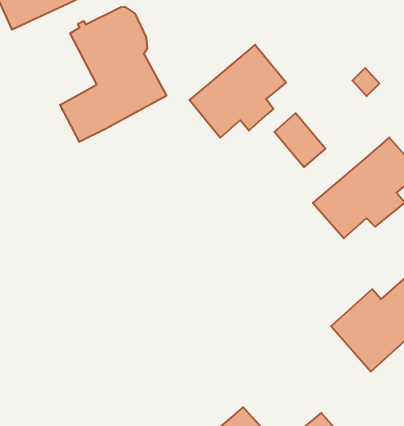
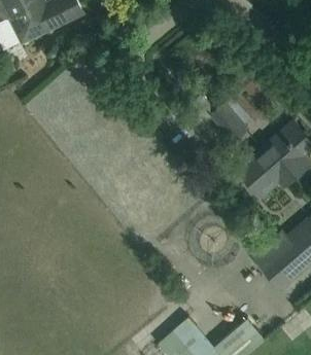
building: [60,7,166,142] -> none
building: [189,45,286,138] -> none

